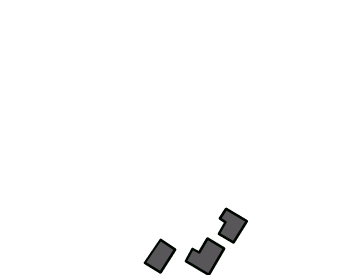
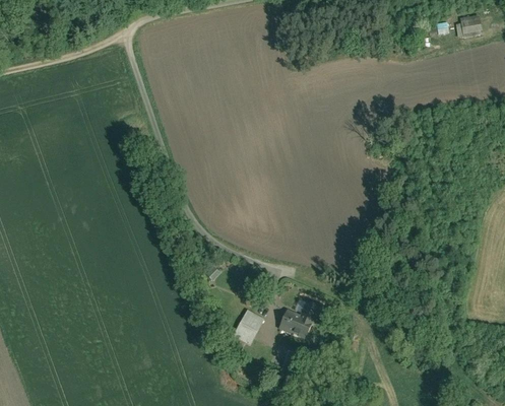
building: [219,209,247,242] -> none

